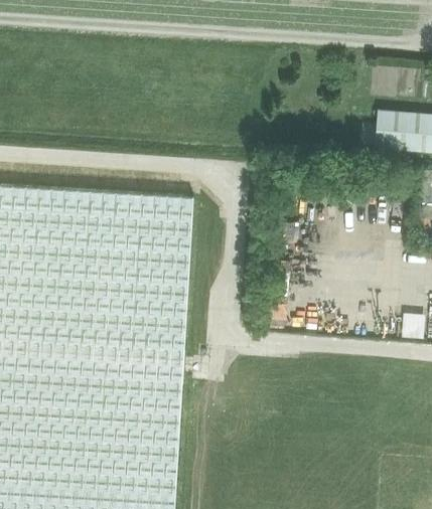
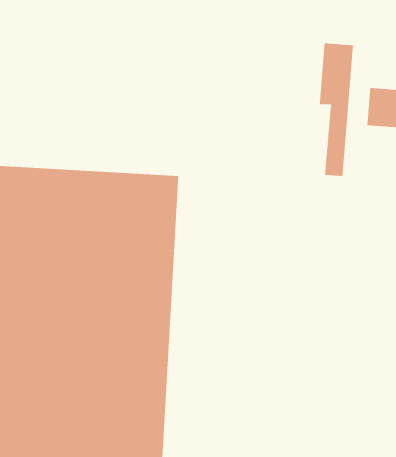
building: none -> [319,43,354,177]

